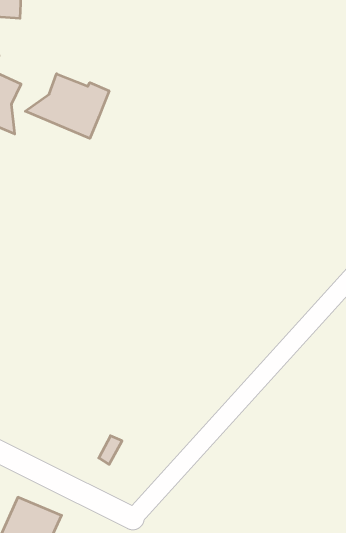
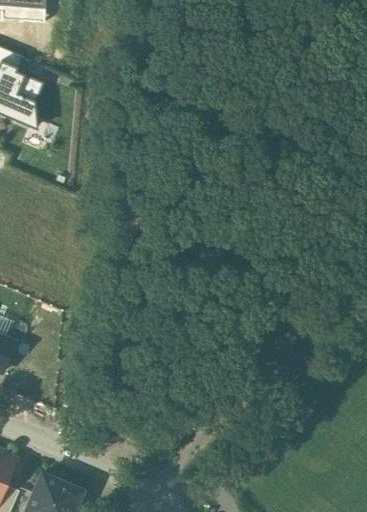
building: [25,74,109,138] -> none

